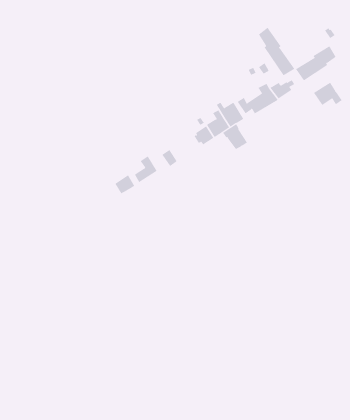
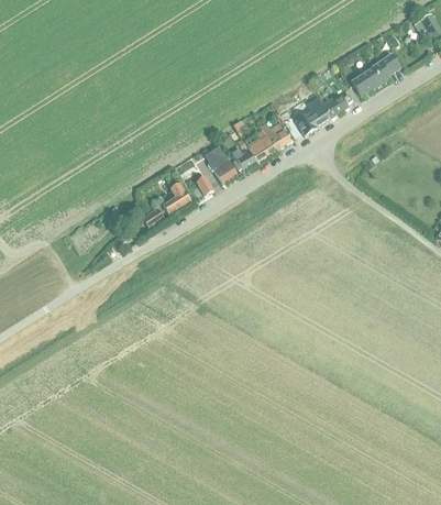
building: [258,27,295,76] -> none
building: [313,82,342,106] -> none
building: [222,124,248,150] -> [207,152,236,183]

